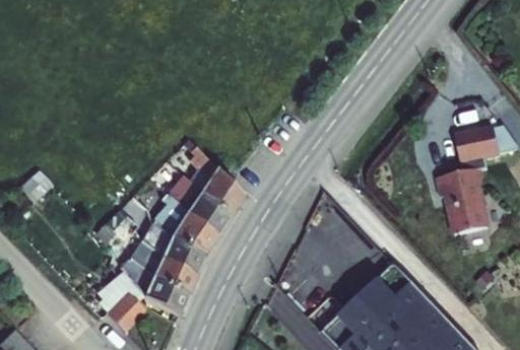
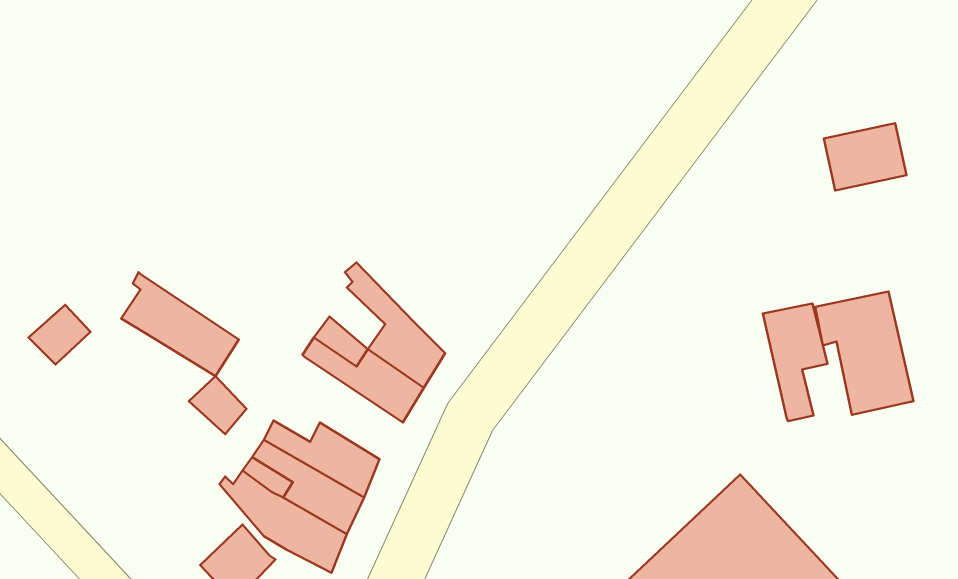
building: [454,123,498,158] -> [824,123,907,191]
building: none -> [763,304,828,421]
building: [154,199,216,254] -> [121,272,239,376]

